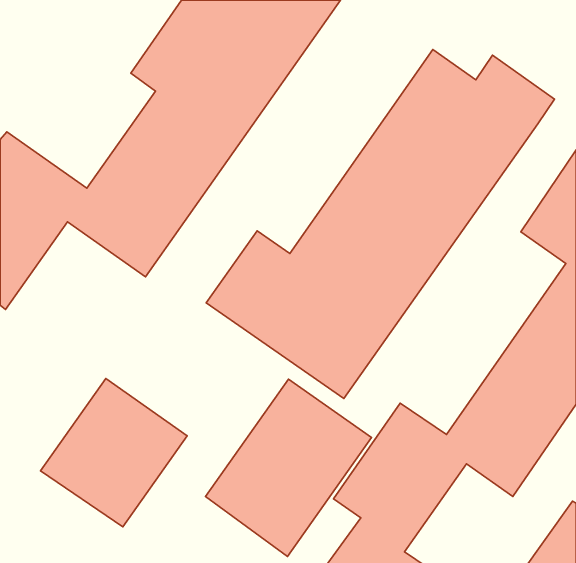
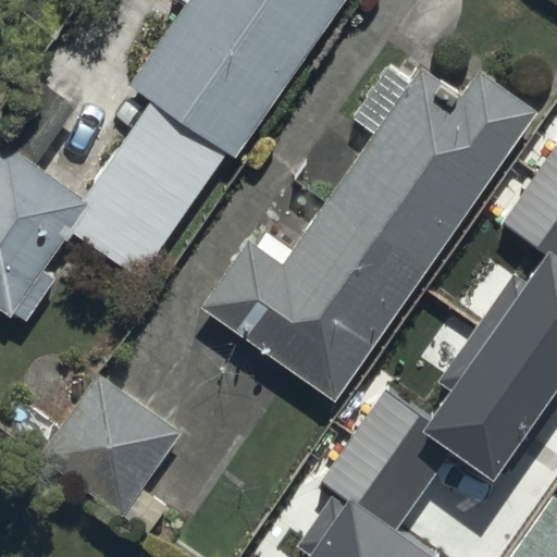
building: [206,379,371,556] -> none

